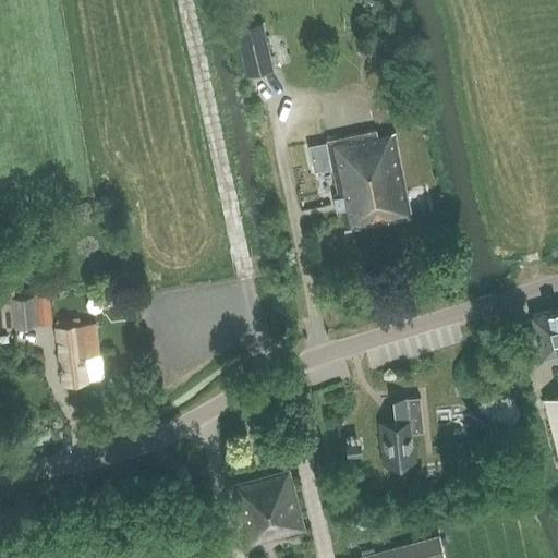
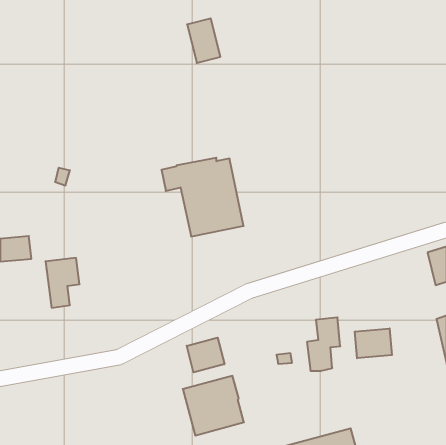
building: [310,133,412,231] -> [161,158,244,236]
building: none -> [355,328,392,358]
building: none -> [187,338,224,372]

